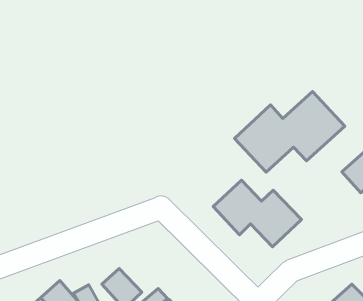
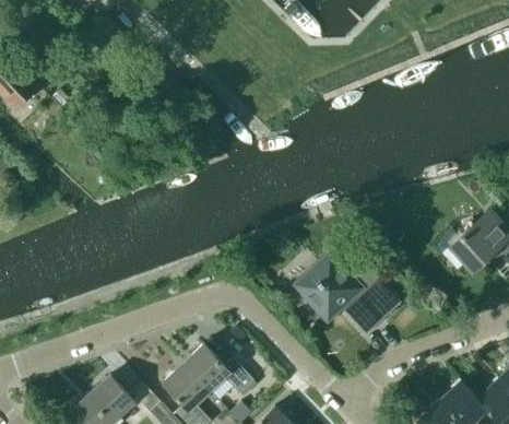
building: [235,91,345,172] -> none
building: none -> [184,344,254,394]

